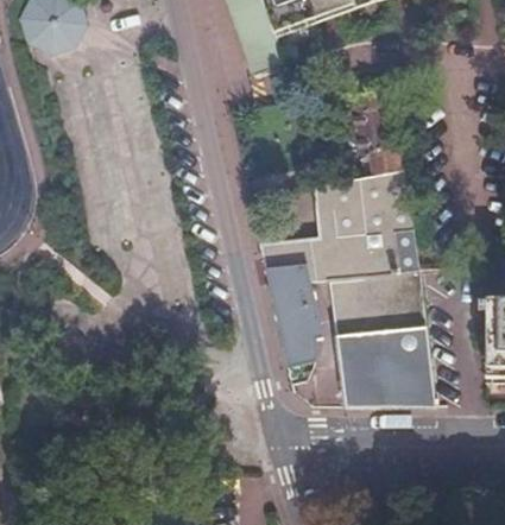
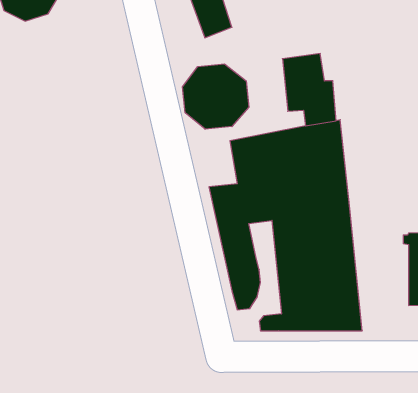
building: none -> [183,64,249,129]

